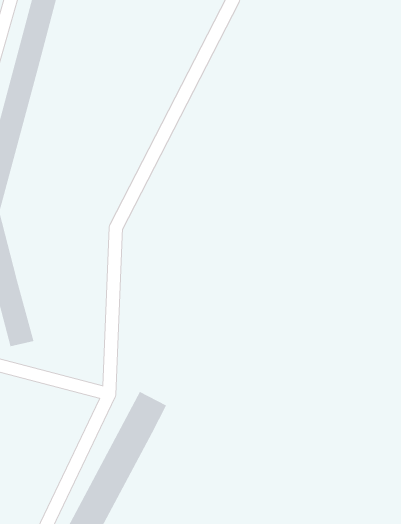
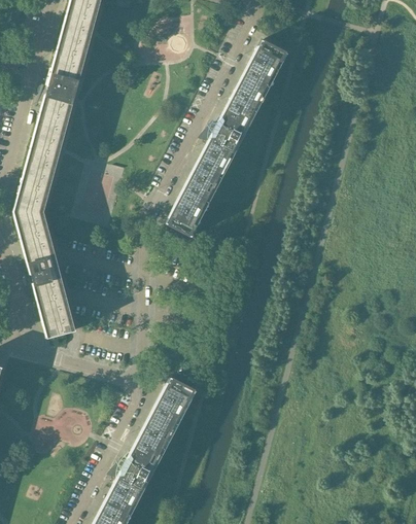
building: none -> [166,42,287,238]

